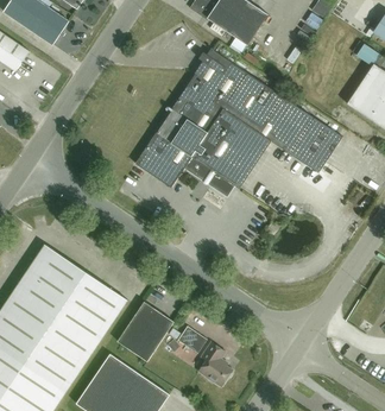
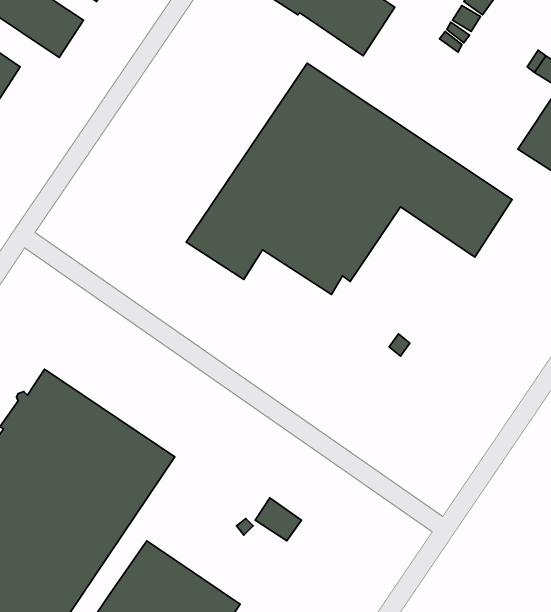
building: [116,301,173,361] -> none
building: [198,341,232,386] -> none

